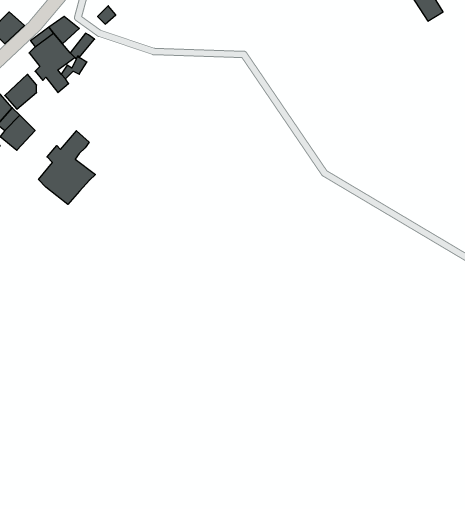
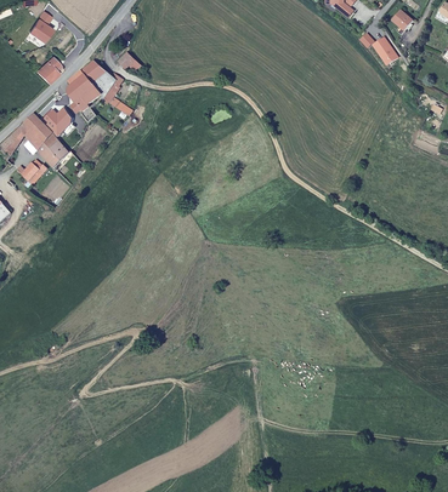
building: [39,131,95,204] -> none

